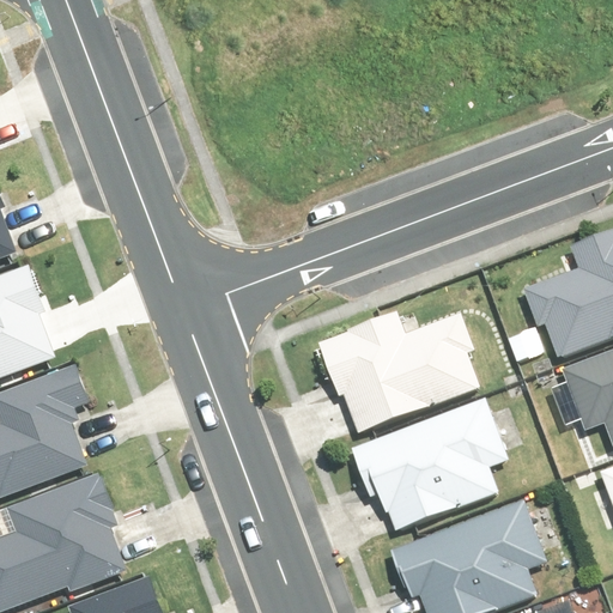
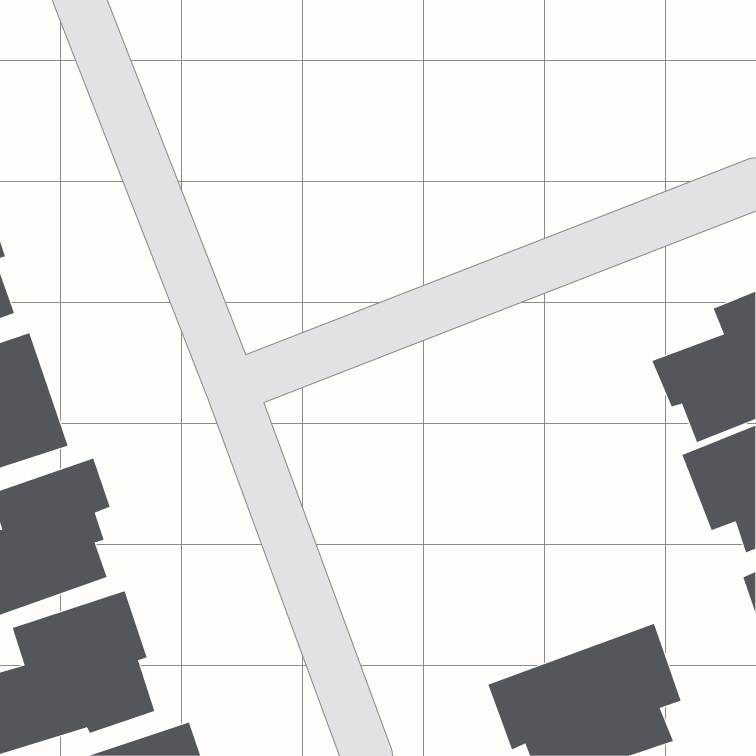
building: [318,306,478,431] -> none
building: [352,396,505,530] -> none

